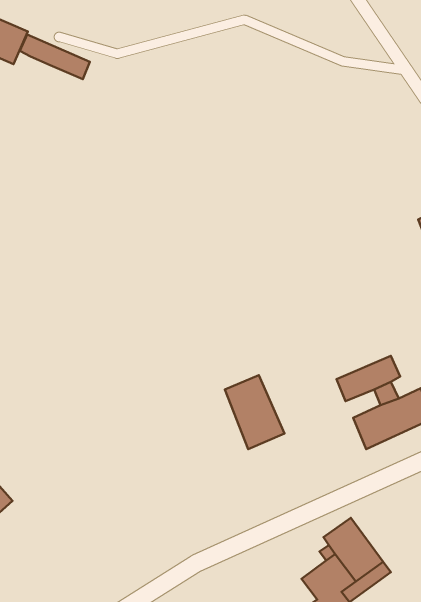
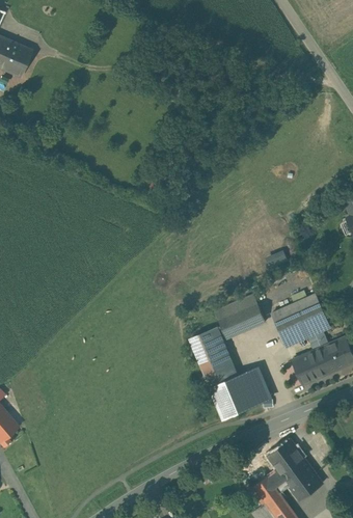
building: [20,35,90,79] -> none
building: none -> [216,295,266,338]
building: none -> [272,295,323,329]
building: none -> [209,364,273,419]

